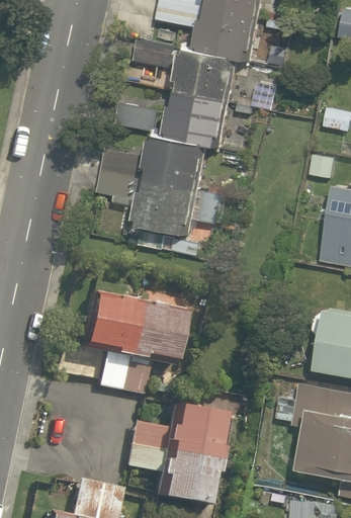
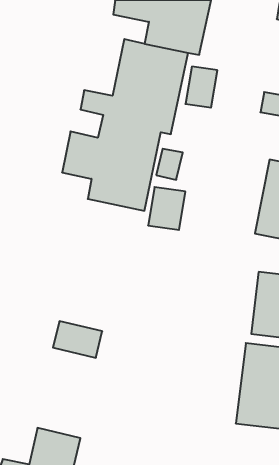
building: [65,289,173,358] -> none
building: [125,400,230,504] -> none

